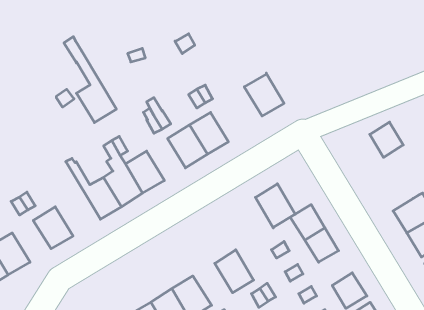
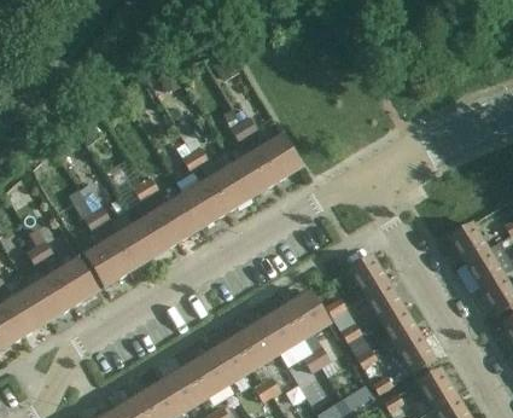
building: [64,37,116,123] -> [68,187,128,286]
building: [244,73,284,116] -> [255,132,301,181]
building: [370,122,403,157] -> [449,220,488,261]
building: none -> [181,178,226,226]
building: [255,184,295,228] -> [284,290,330,341]
building: none -> [27,272,71,320]
building: none -> [379,307,418,347]
building: none -> [234,321,280,370]

